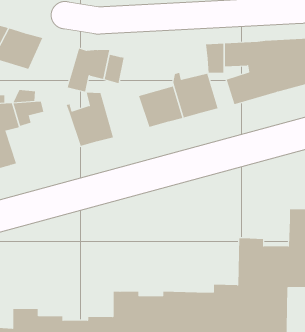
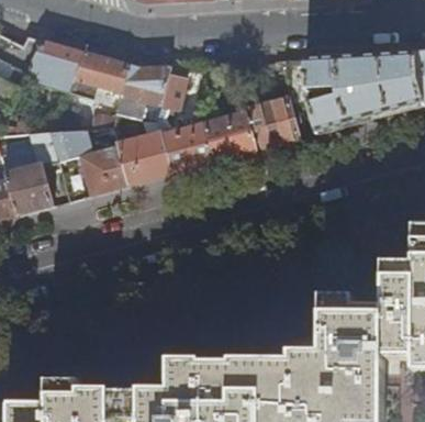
building: none -> [66,52,127,93]
building: none -> [158,122,213,173]
building: none -> [78,126,130,195]

